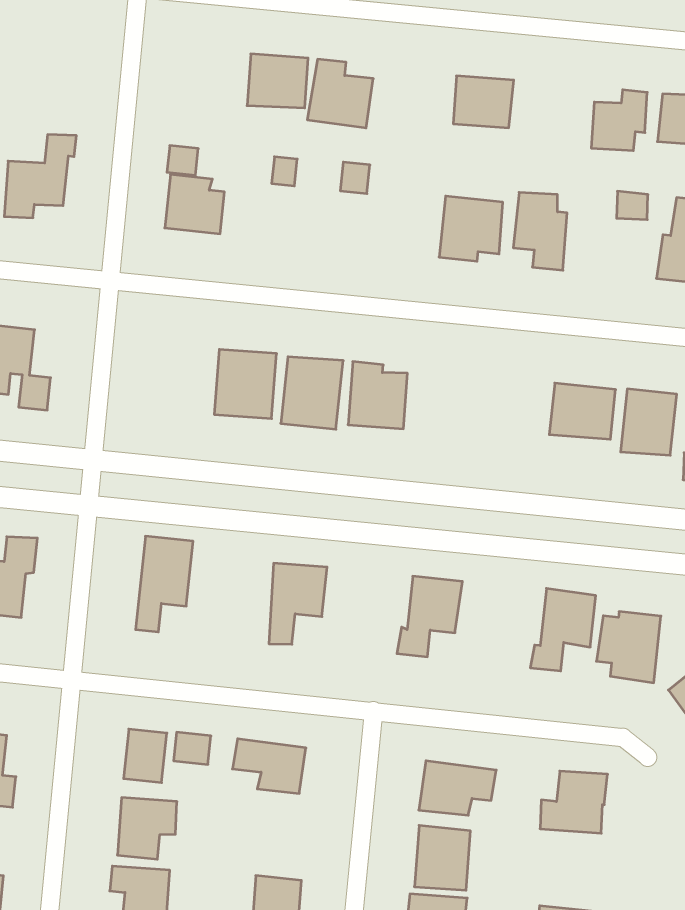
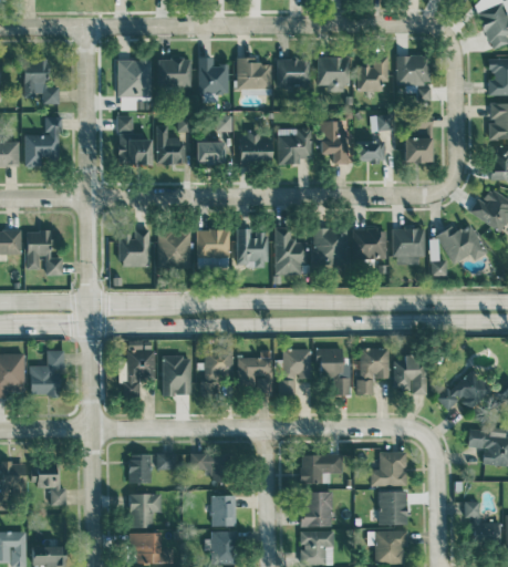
building: none -> [23,60,59,104]
building: none -> [117,60,152,110]
building: none -> [237,60,272,94]
building: none -> [317,56,350,91]
building: none -> [156,125,184,165]
building: none -> [238,134,271,162]
building: none -> [195,141,225,165]
building: none -> [356,141,385,162]
building: none -> [120,229,149,267]
building: none -> [273,228,307,275]
building: none -> [312,227,348,266]
building: none -> [162,357,190,396]
building: none -> [237,350,272,396]
building: none -> [317,348,352,398]
building: none -> [211,495,235,526]
building: none -> [379,492,407,525]

